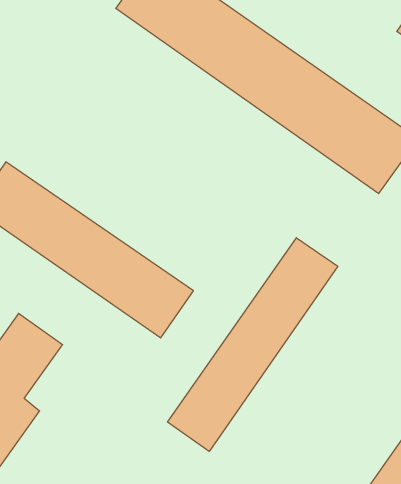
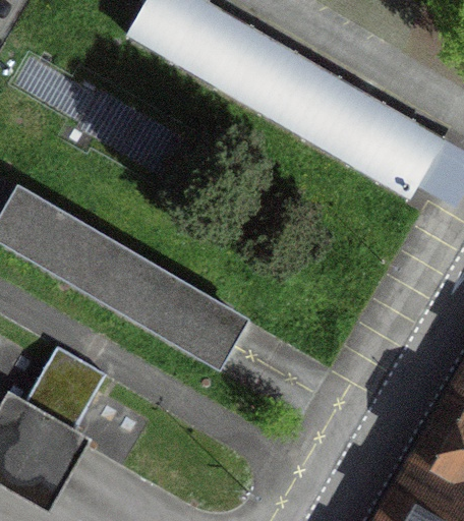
building: [168,238,338,451] -> none

